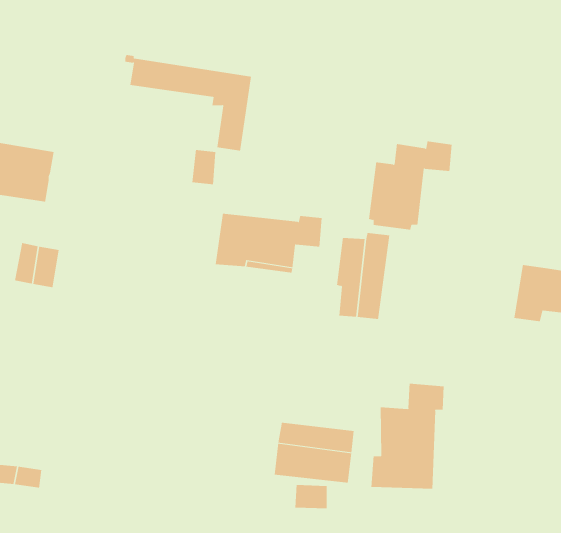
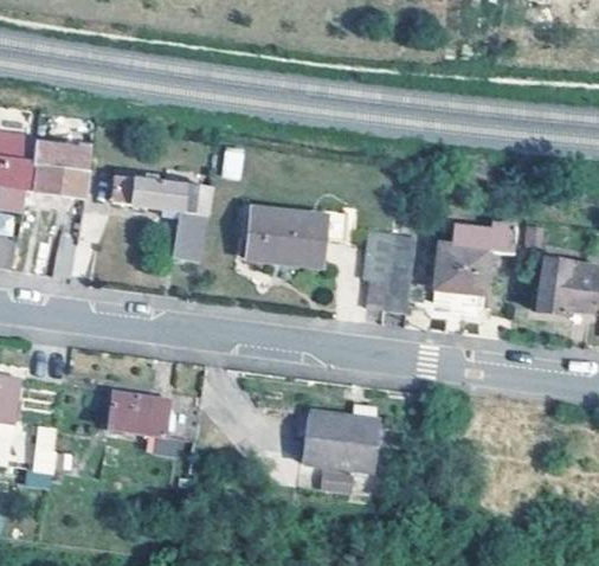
building: [125,54,252,151] -> [85,168,208,262]
building: [368,141,453,230] -> [432,224,514,310]
building: [371,383,444,490] -> none
building: none -> [107,390,170,445]

